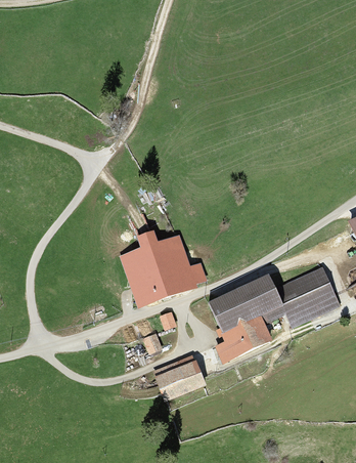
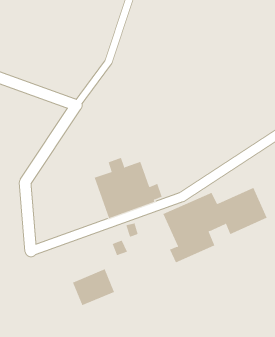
building: [152,354,207,402] -> [72,269,115,306]

